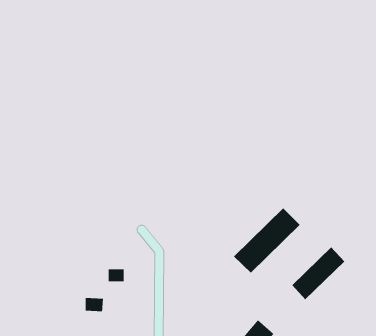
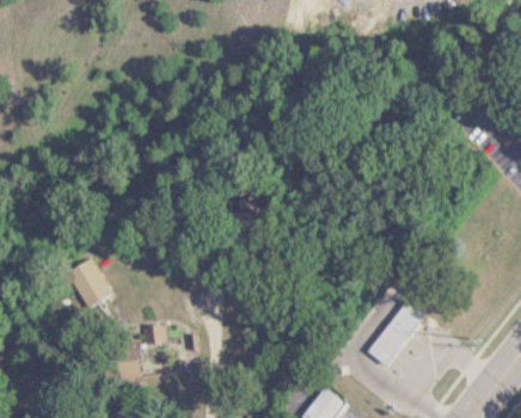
building: [233,208,301,274] -> none
building: none -> [66,257,112,309]

